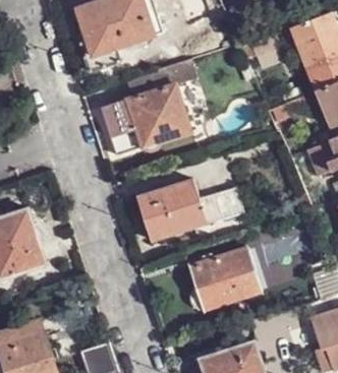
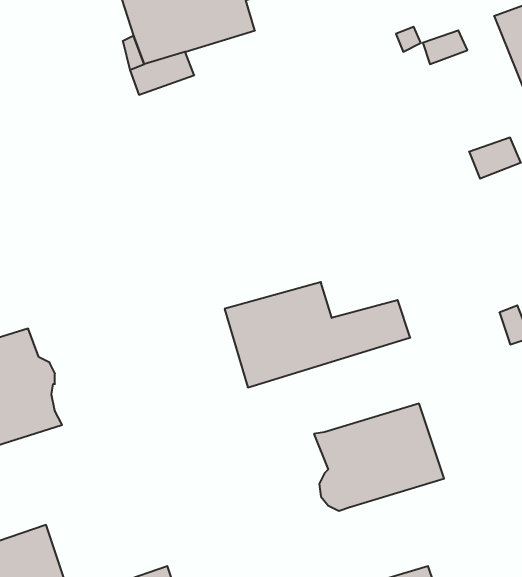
building: [105,60,190,153] -> none

